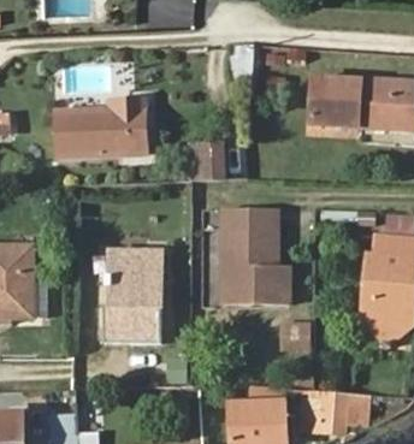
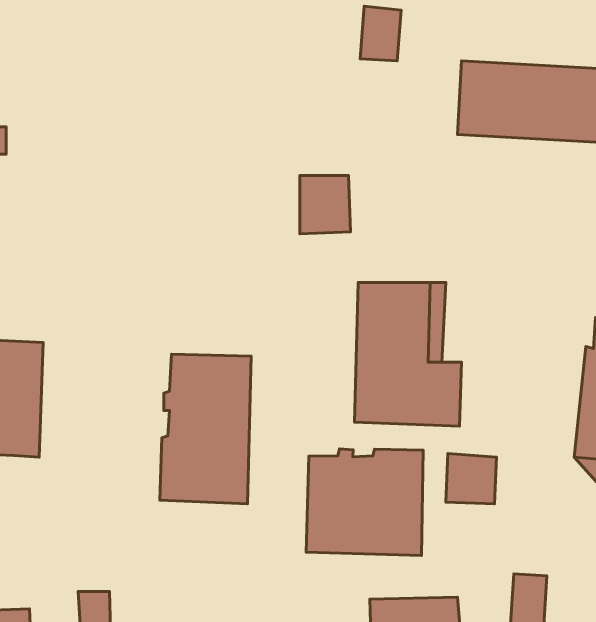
building: [57,99,146,156] -> none
building: none -> [306,449,423,555]

